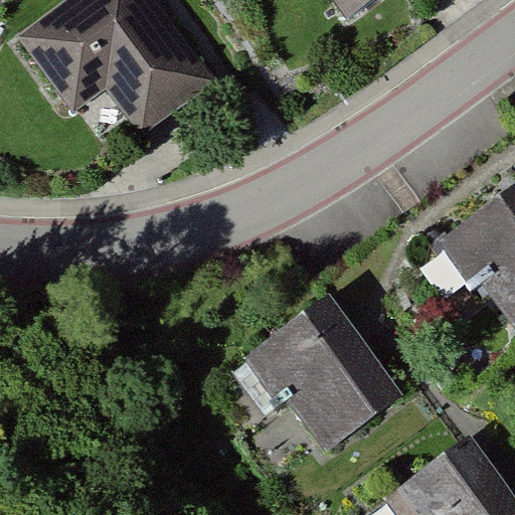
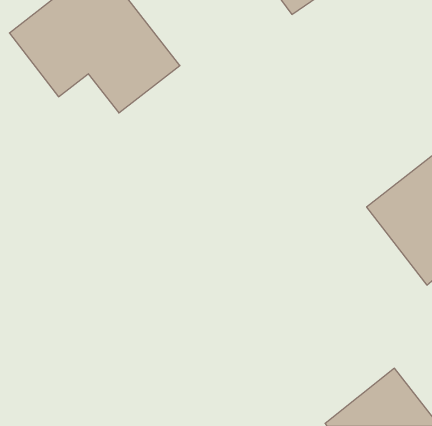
building: [245,297,400,454] -> none

